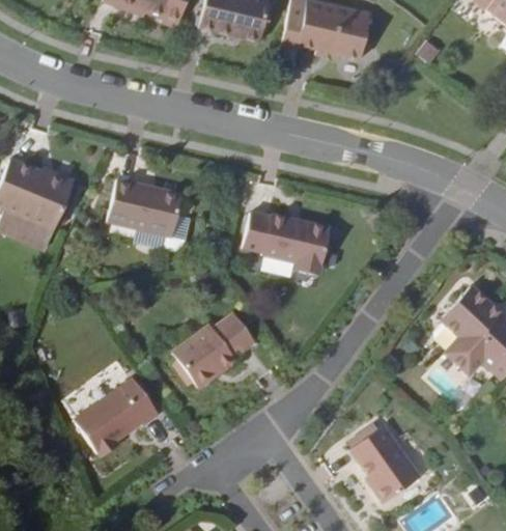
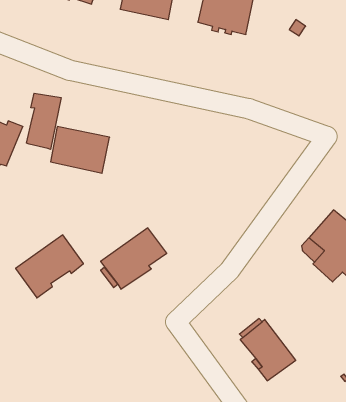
building: none -> [27,93,61,149]
building: [244,209,334,275] -> none
building: [75,376,161,456] -> [16,235,83,298]

